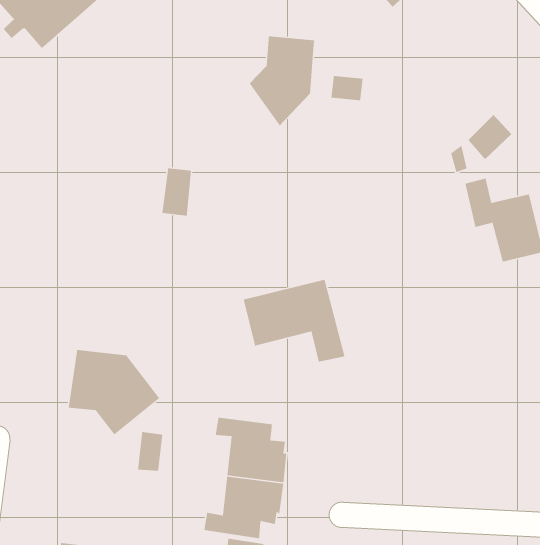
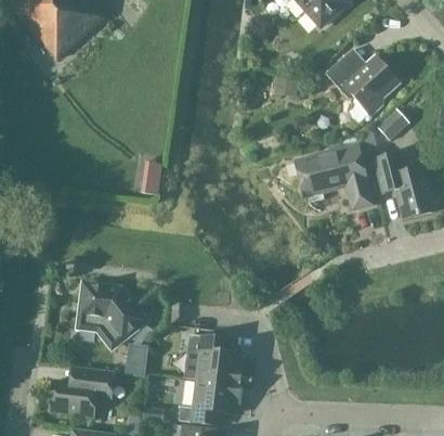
building: [249,35,315,126] -> none
building: none -> [327,51,402,115]
building: [243,279,345,362] -> [295,146,371,209]
building: none -> [49,369,113,416]

